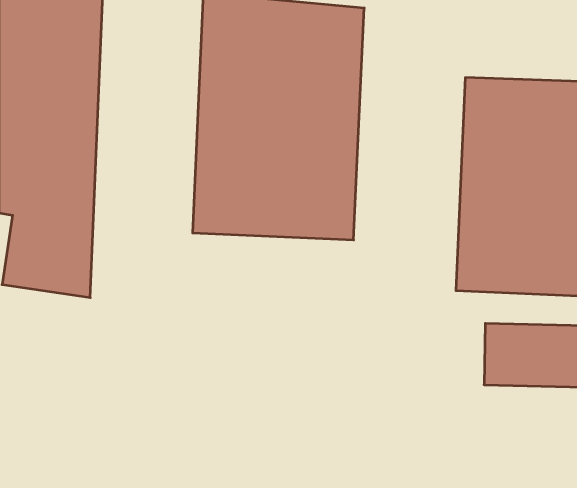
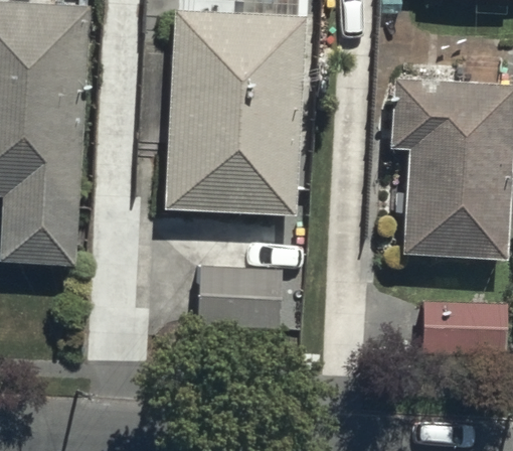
building: none -> [189,254,281,318]

